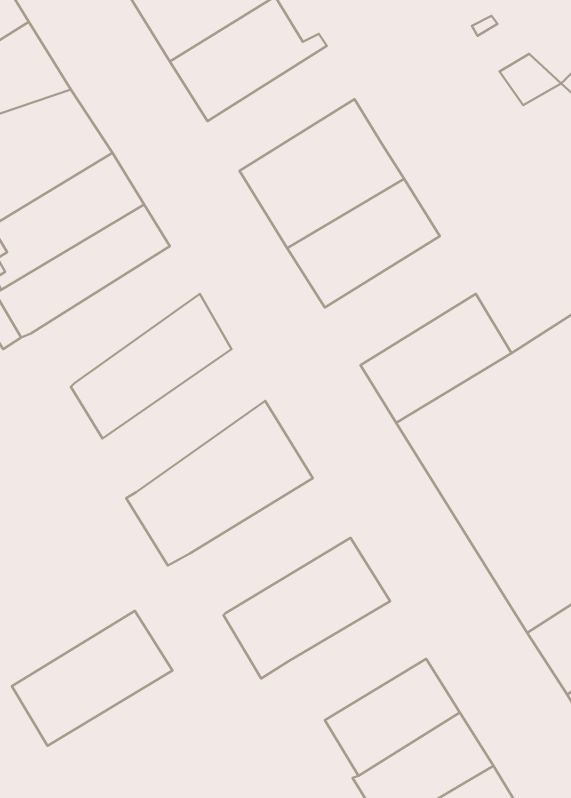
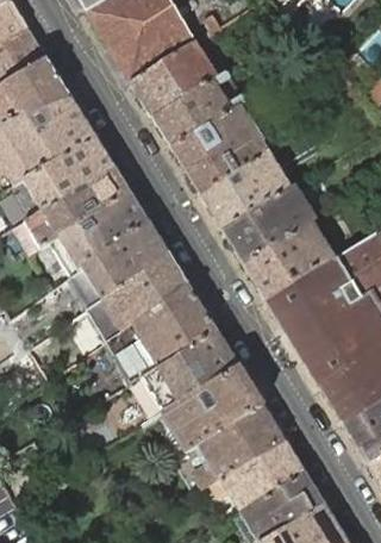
building: none -> [152,68,245,148]
building: none -> [223,187,313,264]
building: none -> [46,193,148,275]
building: none -> [89,255,187,341]
building: none -> [199,406,283,487]
building: [12,611,173,746] -> [142,332,238,413]

